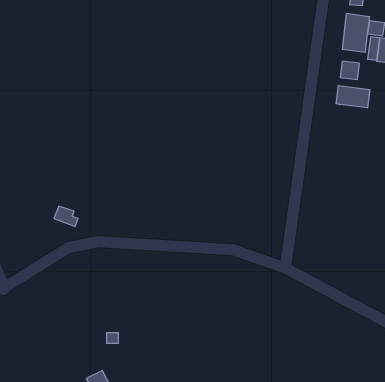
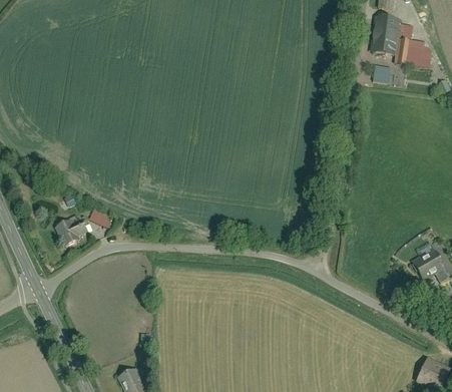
building: [336,85,370,108] -> none
building: none -> [56,219,86,246]

